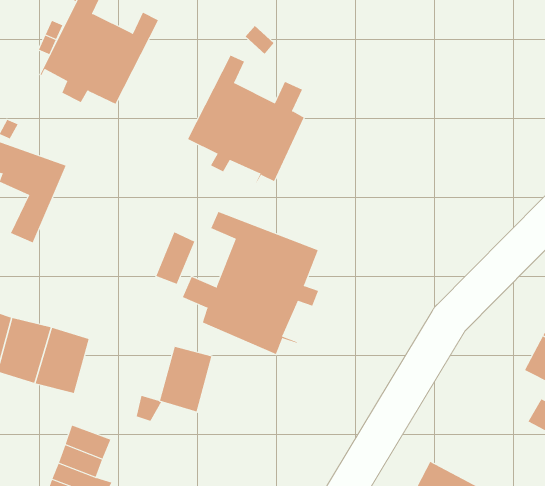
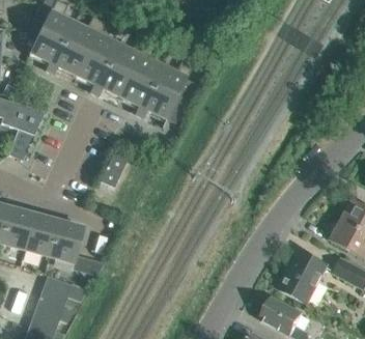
building: none -> [75,21,146,95]
building: [182,211,319,355] -> none
building: [159,346,212,412] -> [49,221,82,262]
building: none -> [277,252,324,303]

